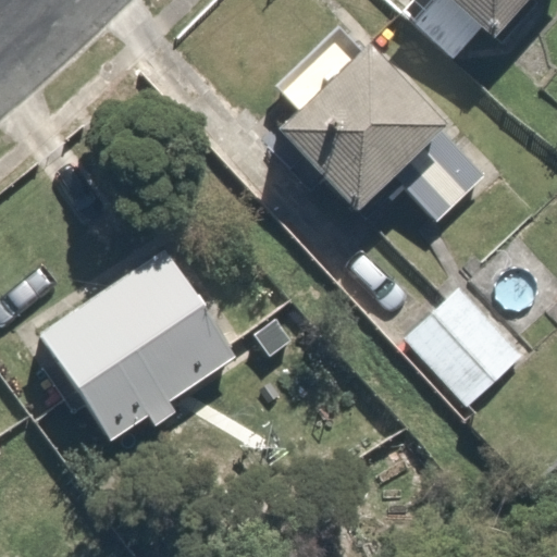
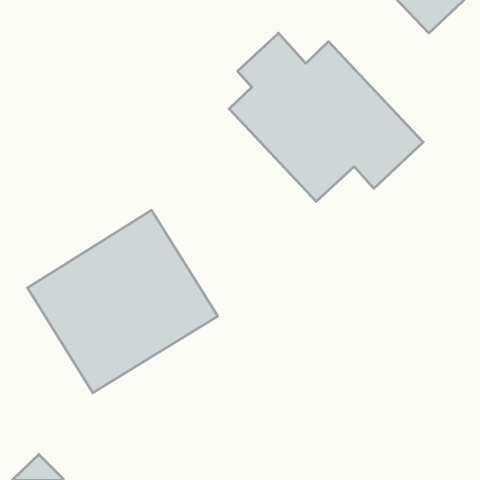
building: [395,278,531,416] -> none

